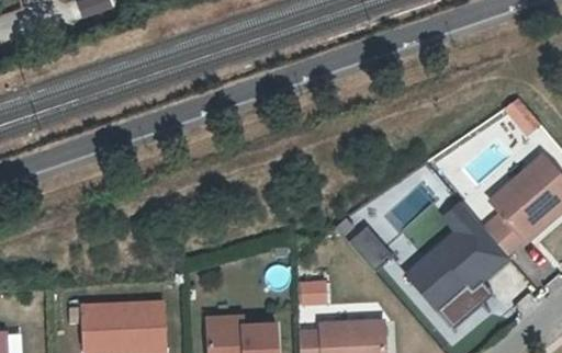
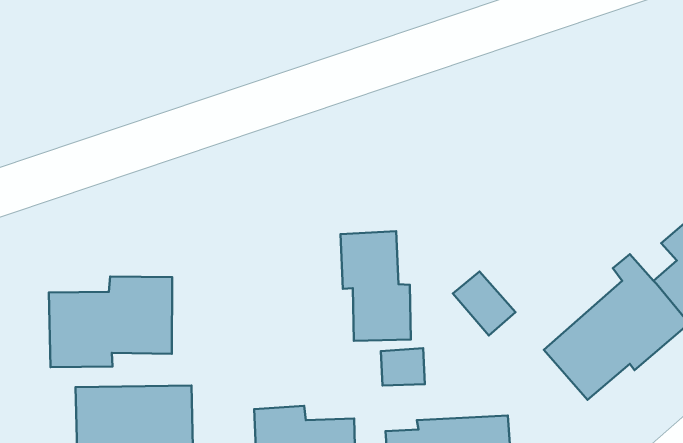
building: none -> [341,231,411,341]
building: none -> [49,276,172,367]

